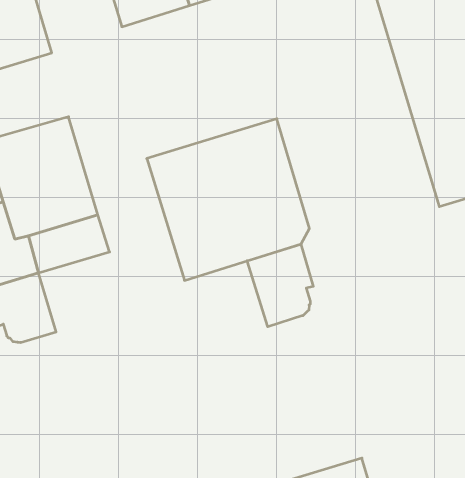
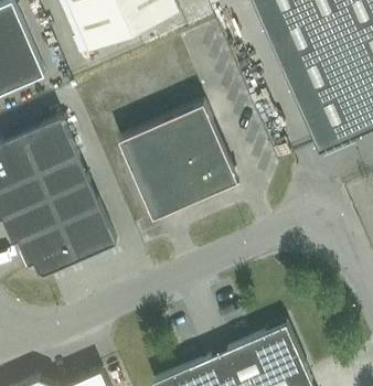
building: [247,244,313,327] -> none
building: none -> [53,207,116,266]

